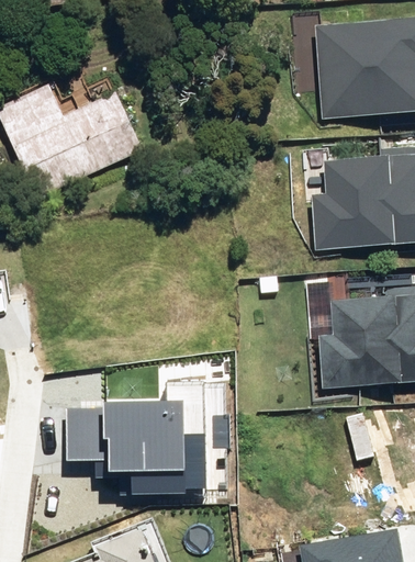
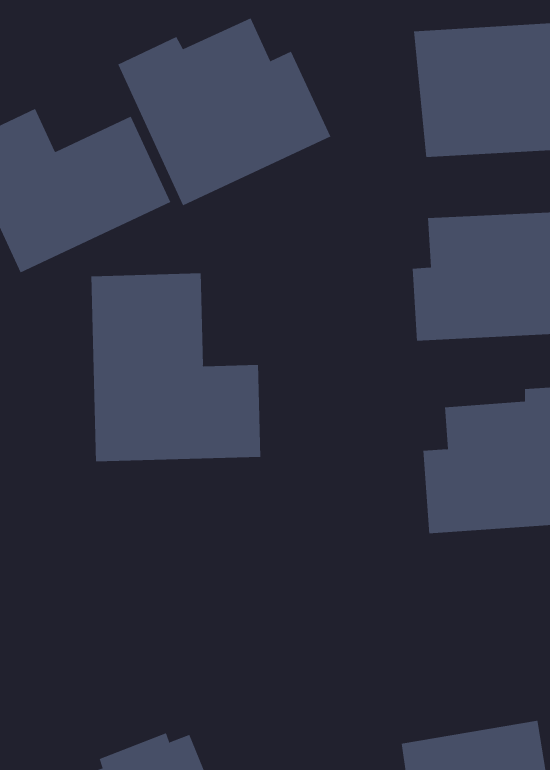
building: none -> [118,18,331,206]
building: none -> [91,273,261,462]
building: [69,400,189,487] -> none

